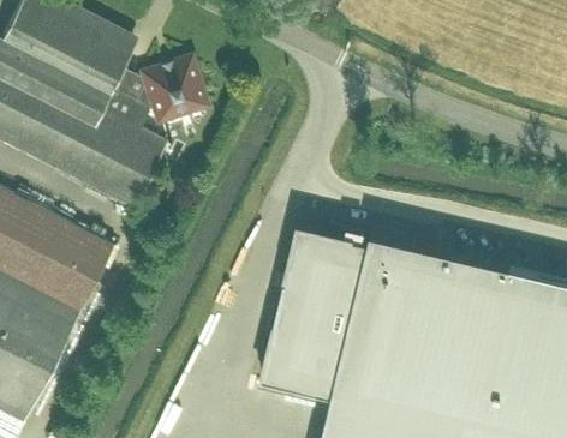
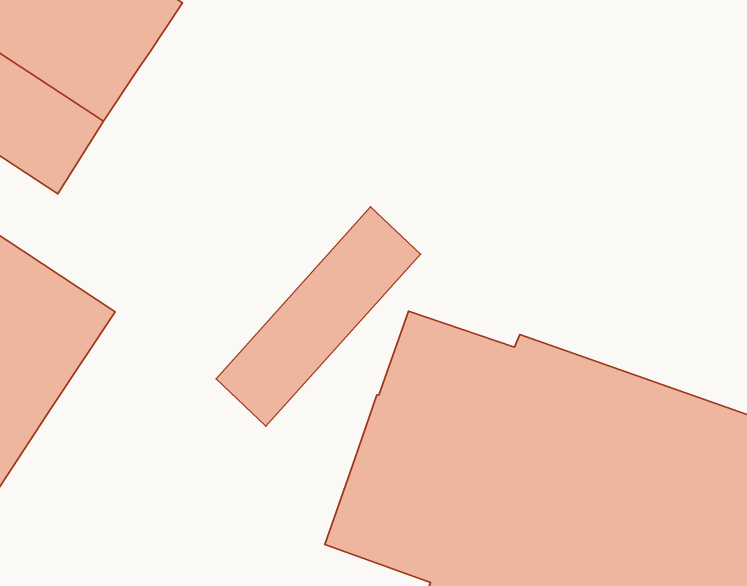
building: [68,59,207,208] -> none
building: none -> [216,207,420,426]

